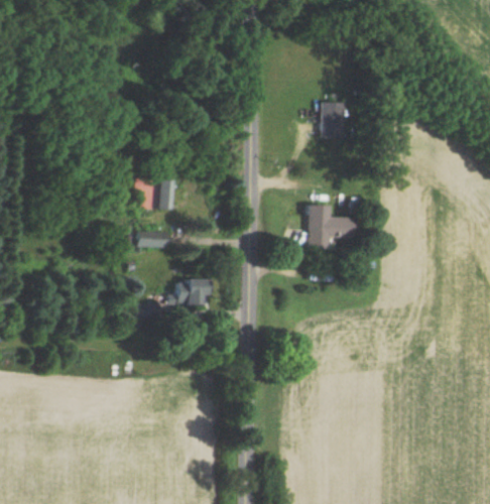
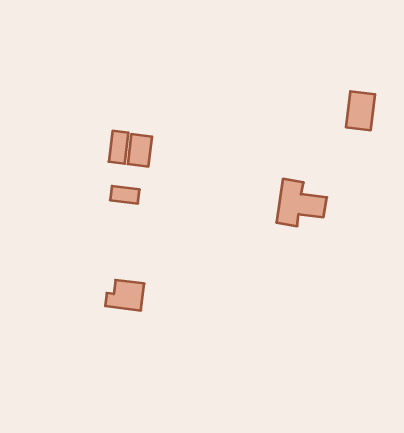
building: [324,102,349,138] -> [346,91,375,130]
building: [169,278,206,305] -> [105,280,144,310]

